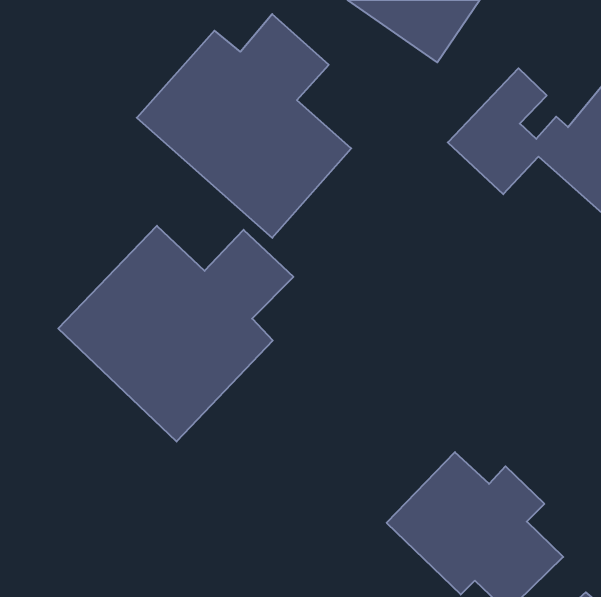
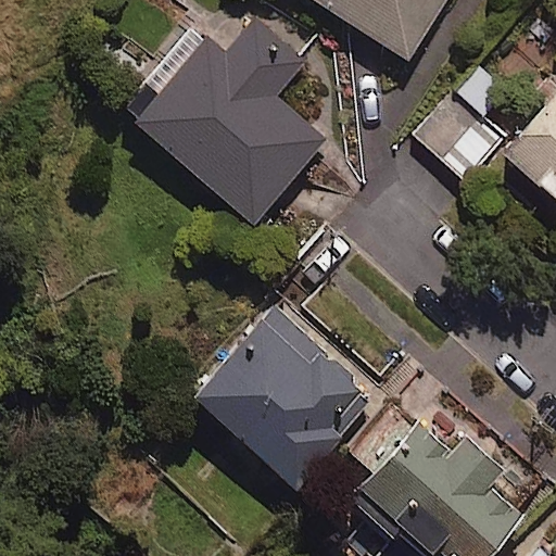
building: [58,226,293,442] -> none
building: none -> [192,304,377,489]

